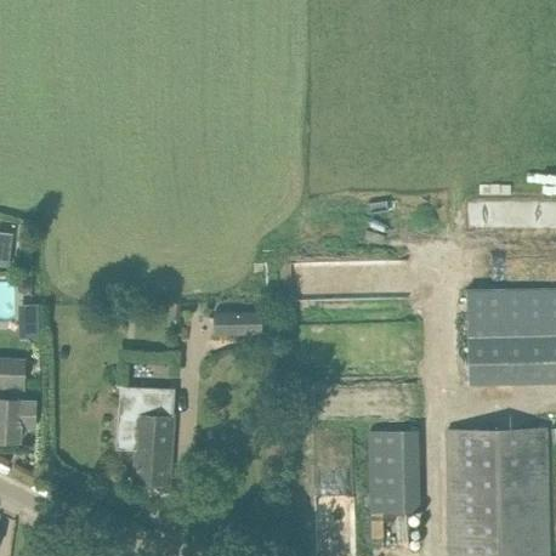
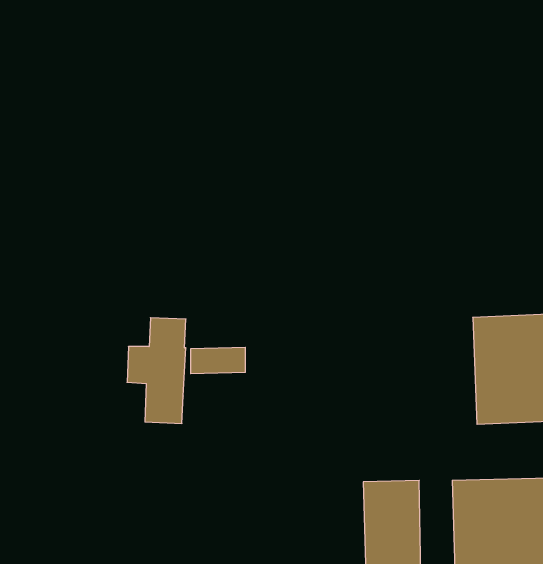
building: [120,392,172,486] -> [127,318,186,423]

